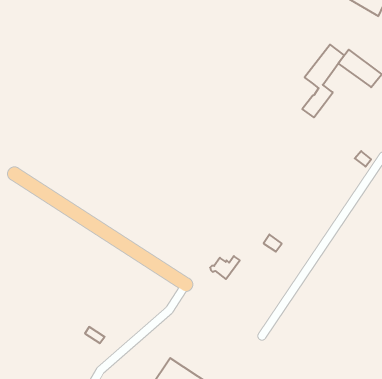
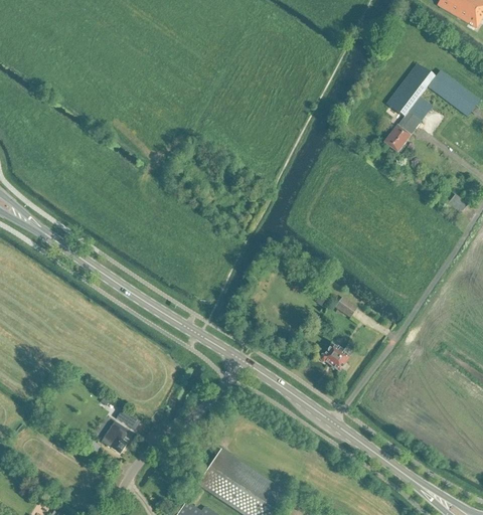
building: [210,256,240,279] -> [320,342,356,370]
building: none -> [102,422,128,453]

